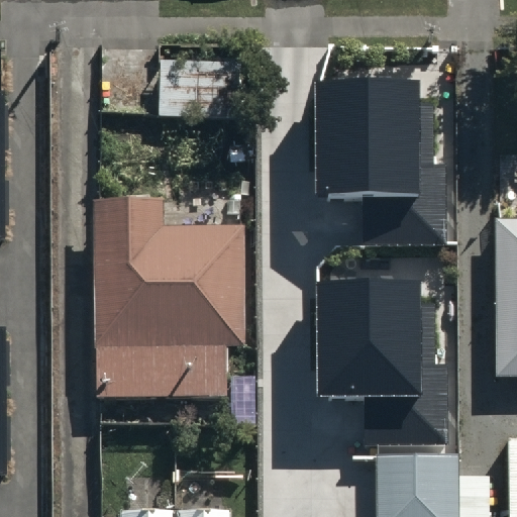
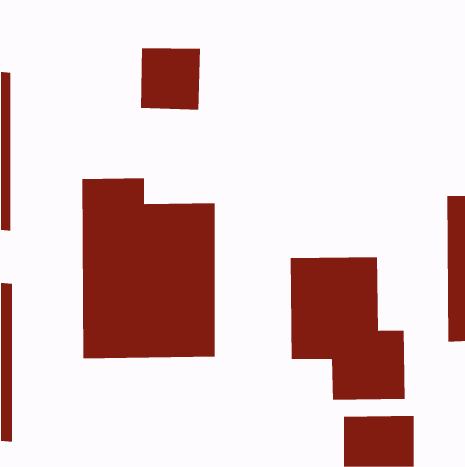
building: [322,87,449,244] -> none

